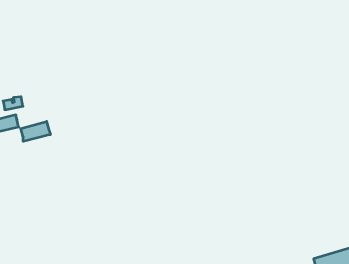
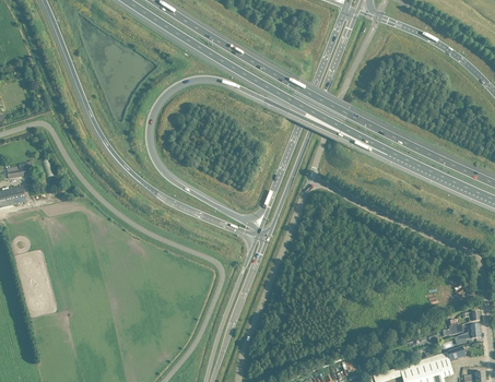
building: [21,121,50,141] -> none

